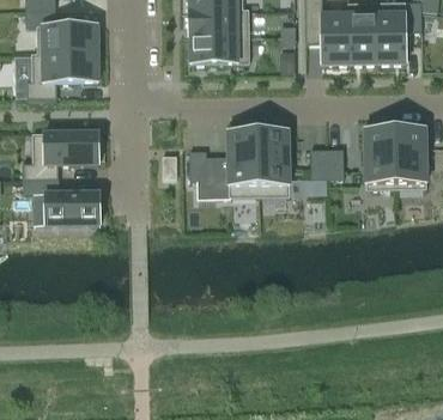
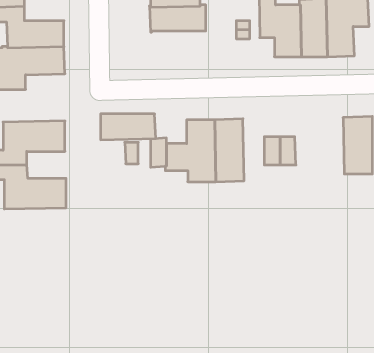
building: [190,36,249,63] -> [101,114,156,140]
building: [364,128,395,189] -> none

